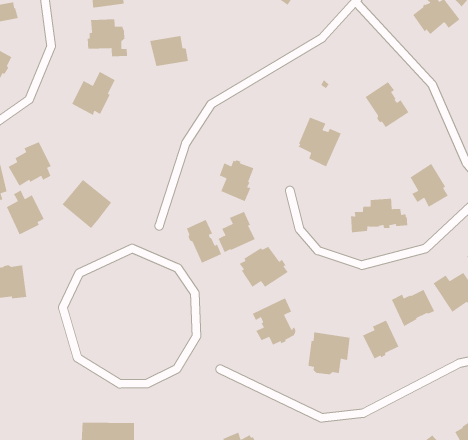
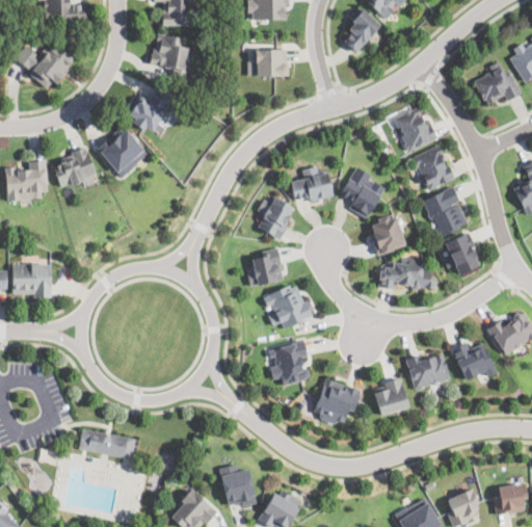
building: [149,35,189,67] -> [254,50,289,77]
building: none -> [394,107,438,152]
building: none -> [423,186,468,237]
building: none -> [291,165,334,203]
building: none -> [370,215,405,255]
building: [62,179,112,229] -> [98,126,148,177]
building: [6,190,45,235] -> none
building: [186,219,222,264] -> none

